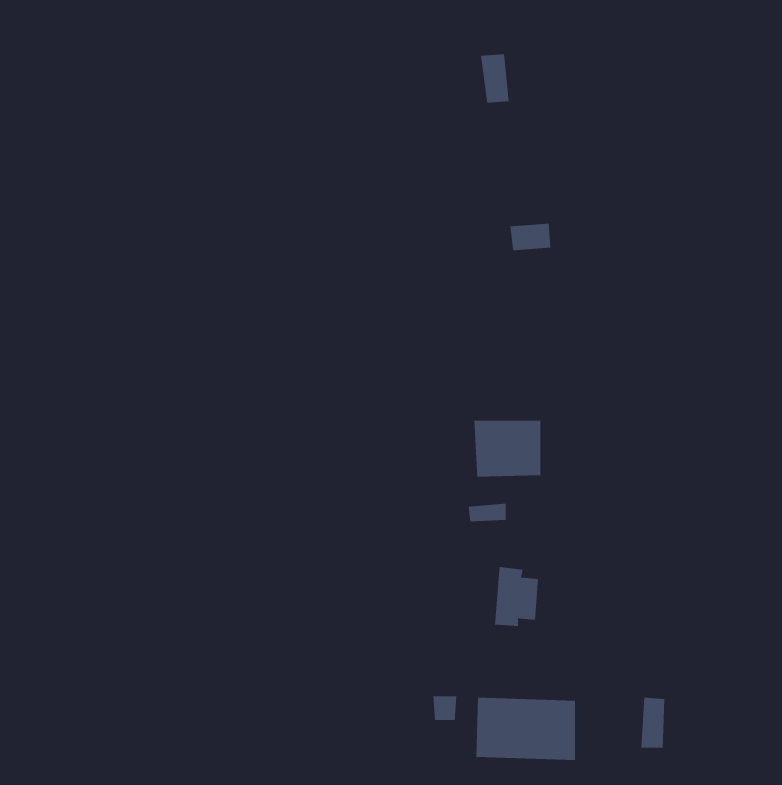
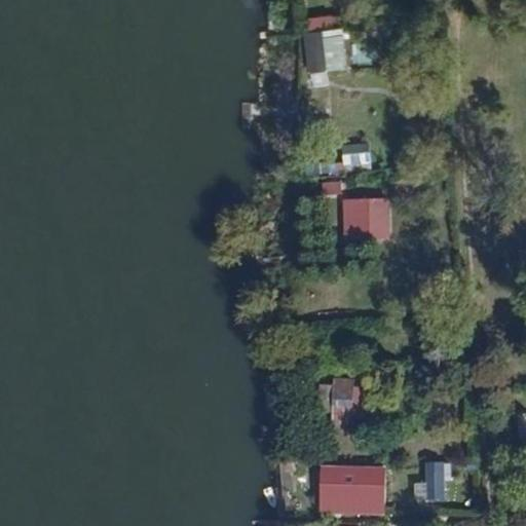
building: [474,420,541,477] -> [343,201,388,239]

